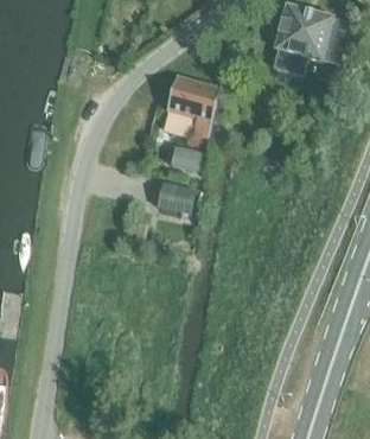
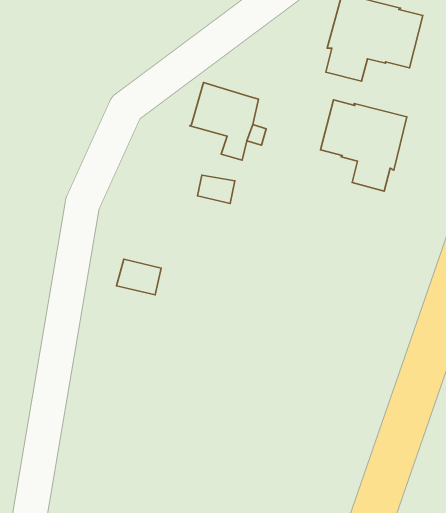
building: none -> [321,100,407,191]
building: [158,183,193,211] -> [116,259,161,295]

